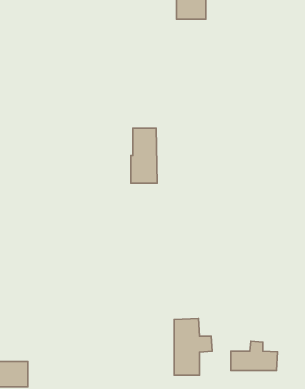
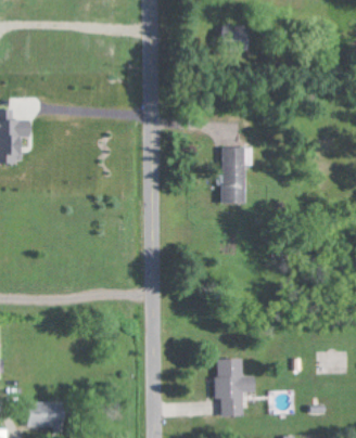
building: [131,128,157,183] -> [220,147,247,204]
building: [231,341,277,370] -> none

